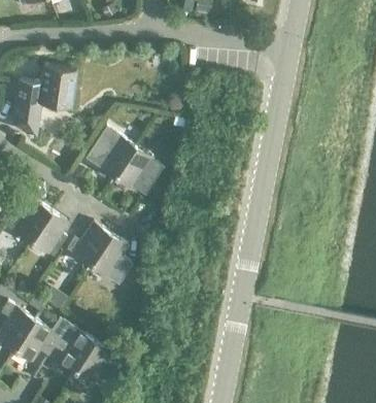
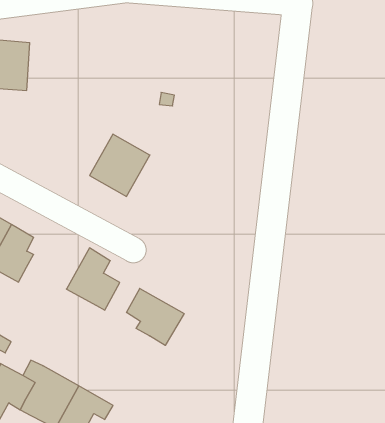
building: [87,128,136,177] -> none
building: [68,223,111,265] -> none
building: none -> [127,288,184,345]

